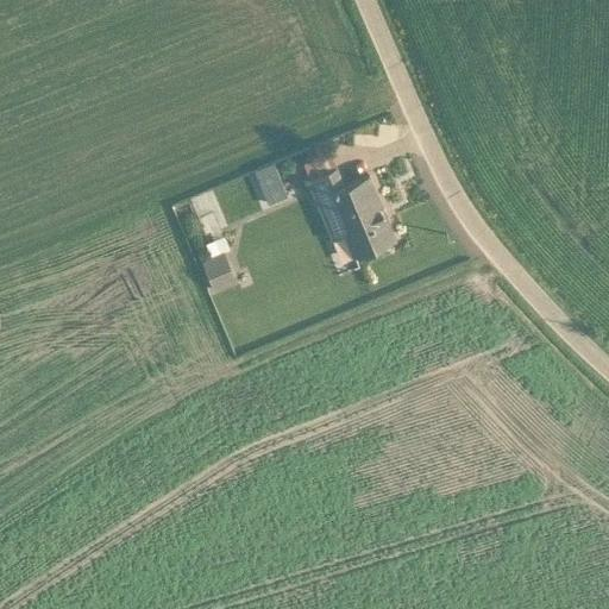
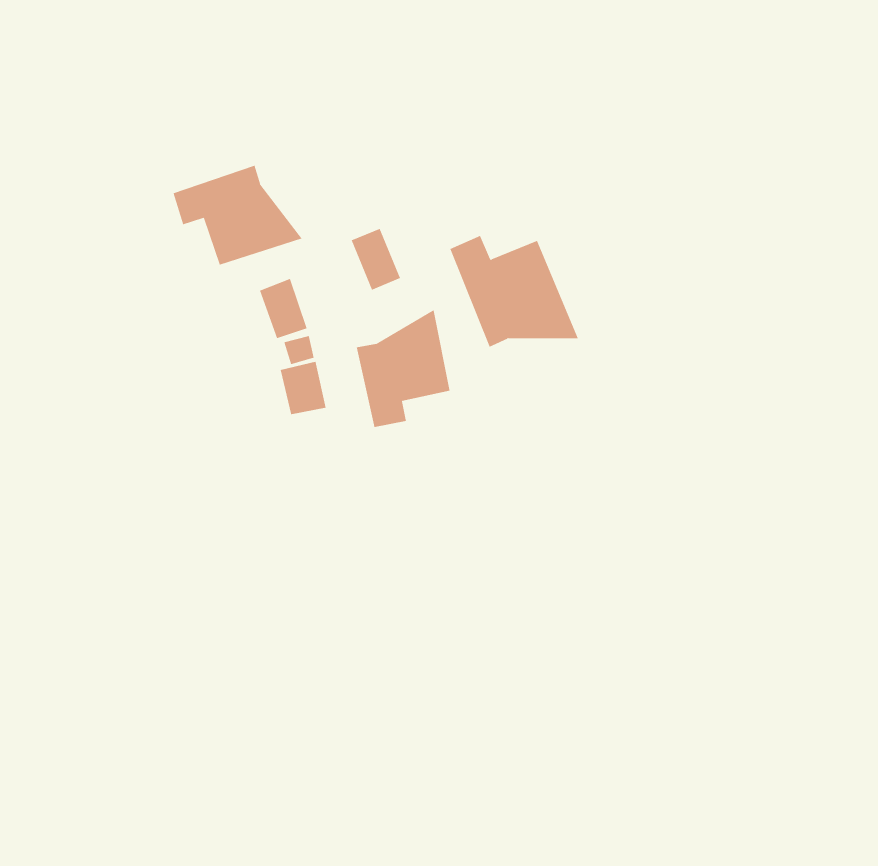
building: none -> [173,165,302,266]
building: none -> [356,309,450,428]

